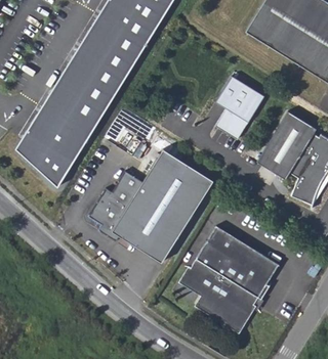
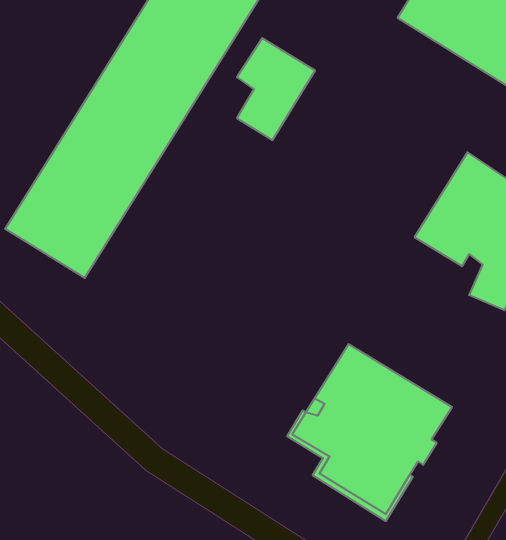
building: [215,78,262,139] -> [237,38,315,140]
building: [88,149,213,262] -> none

